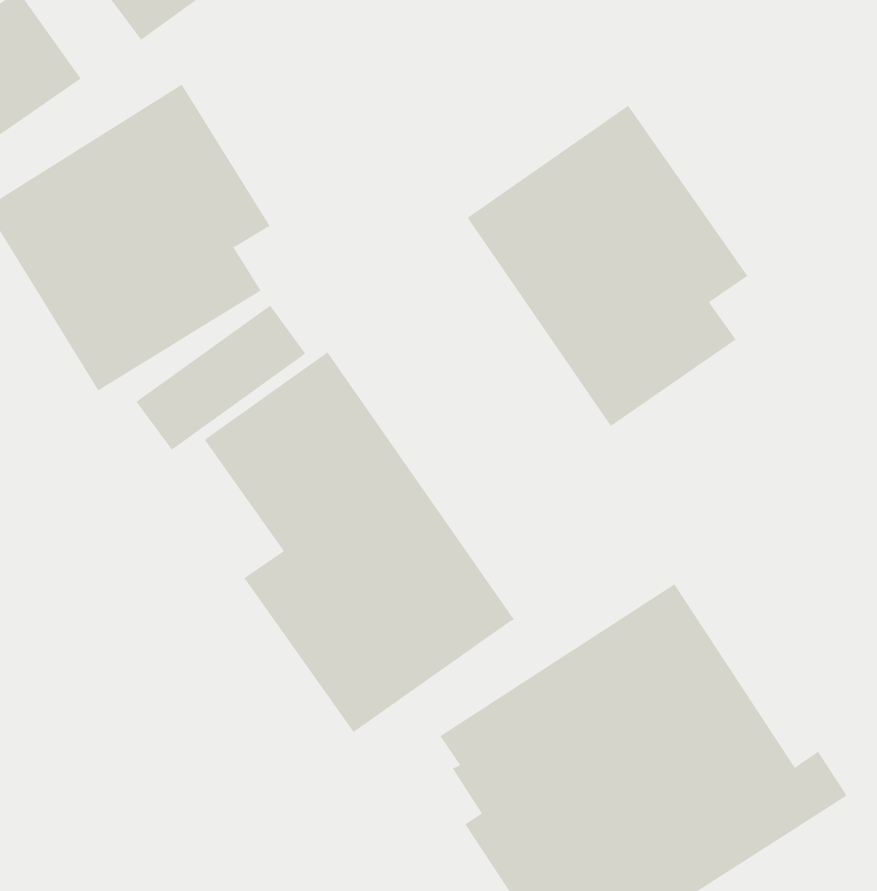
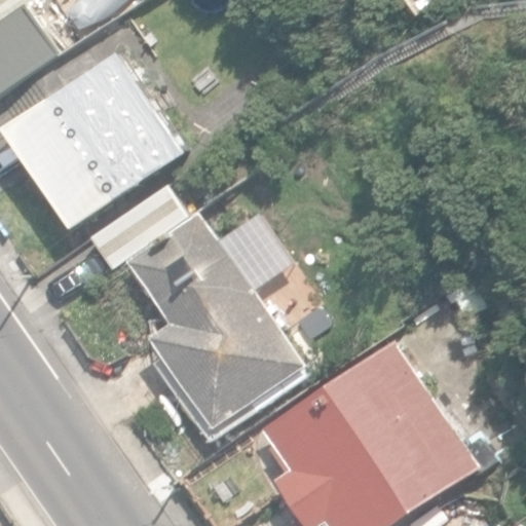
building: [467,105,748,427] -> none

